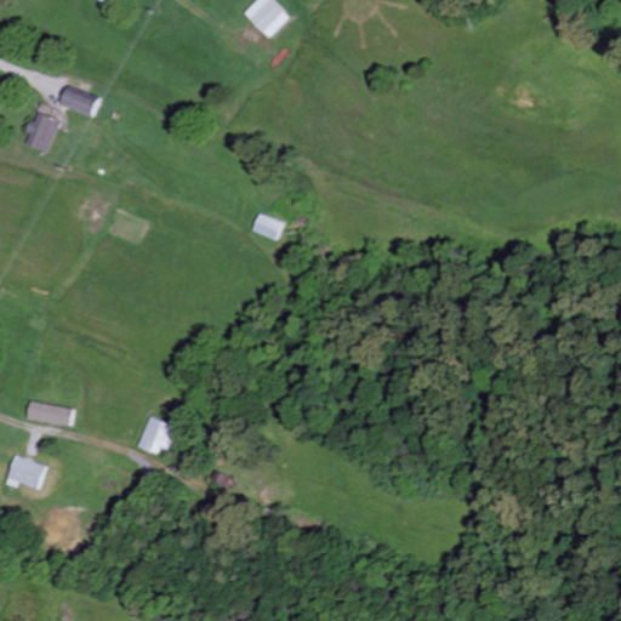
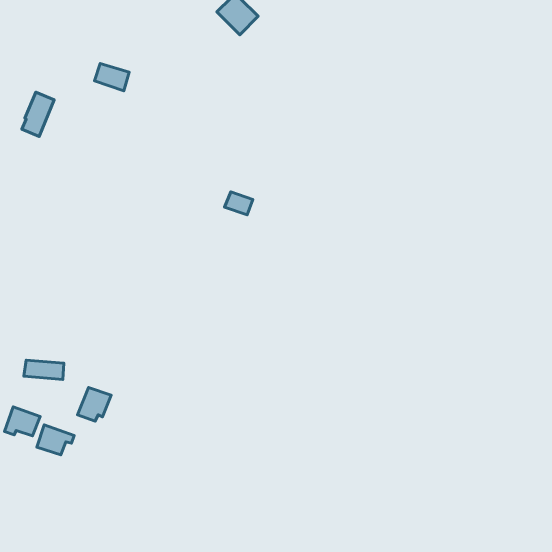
building: [59,86,98,116] -> [95,64,129,91]
building: [137,416,175,454] -> [78,388,111,421]
building: none -> [37,425,74,455]

